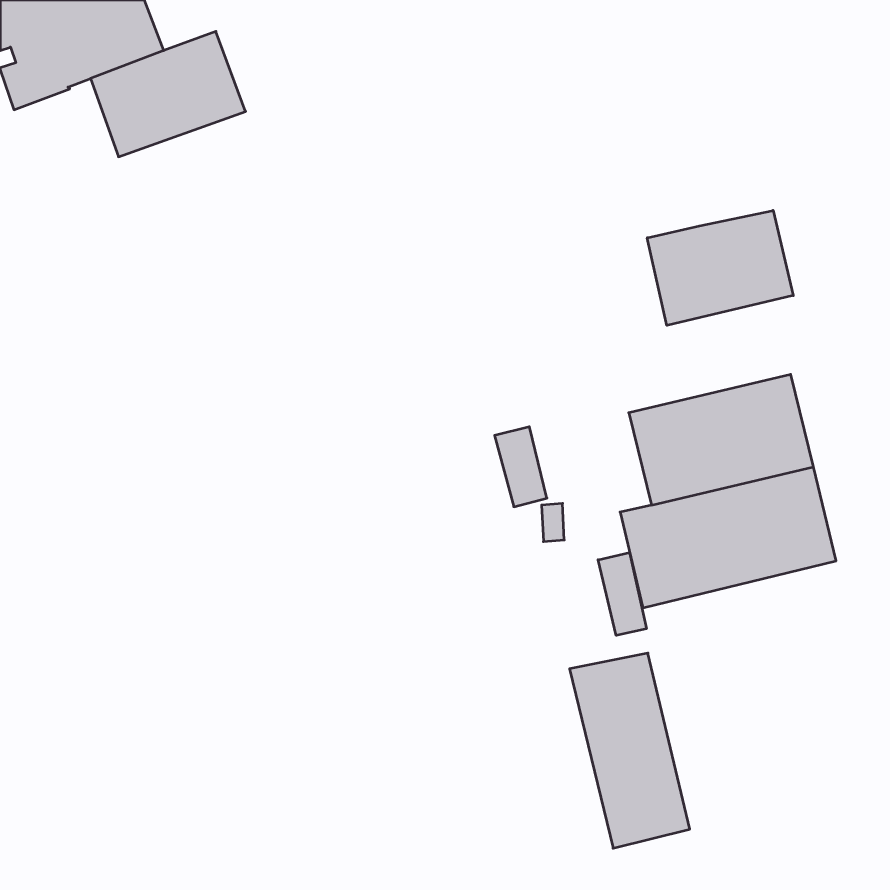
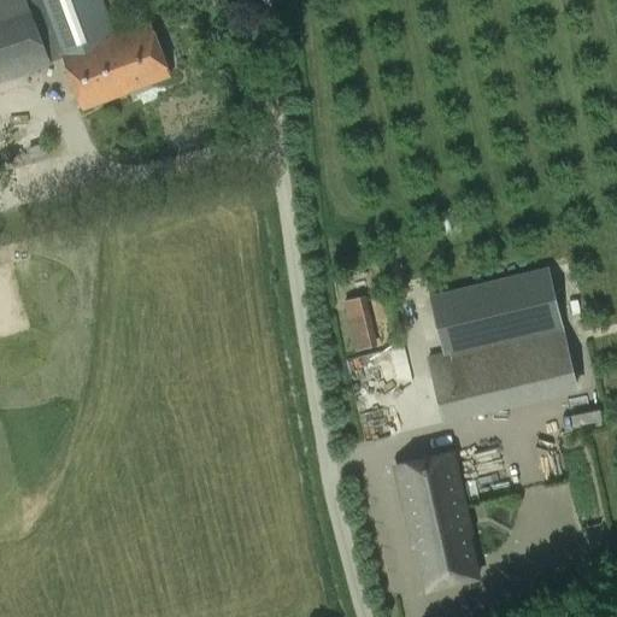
building: [647,210,793,325] -> none
building: [598,552,646,635] -> none

